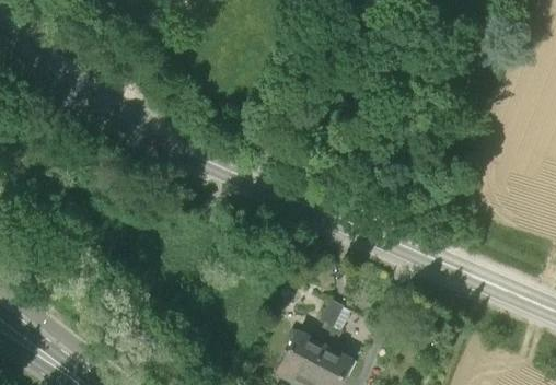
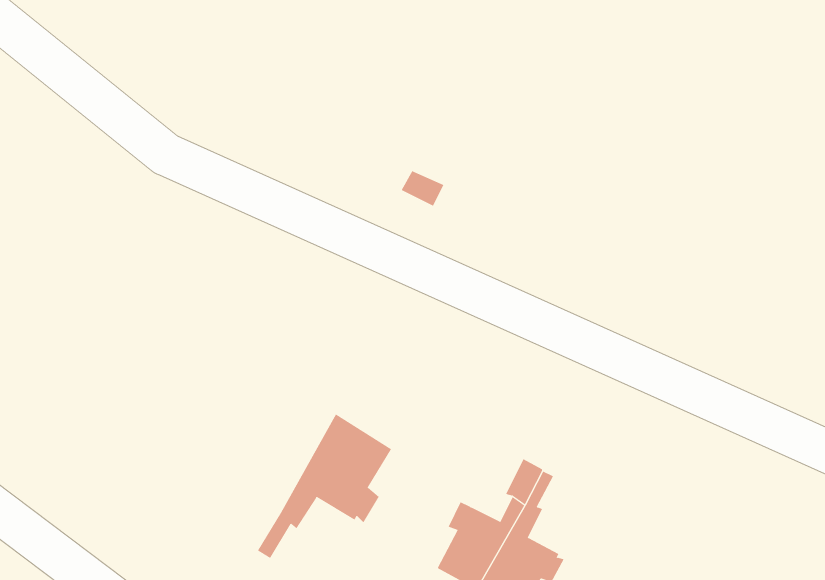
building: none -> [257,413,392,559]

